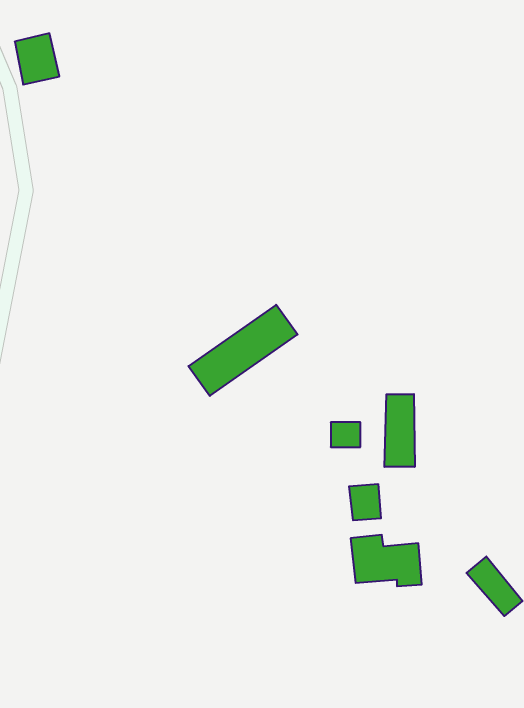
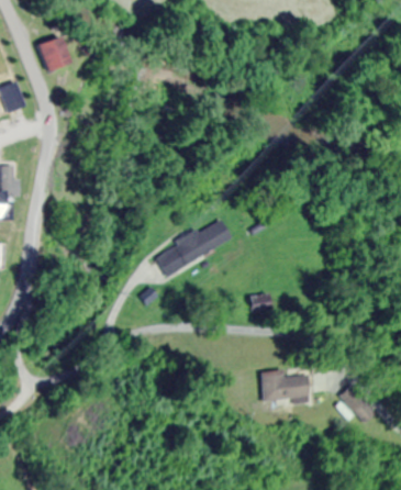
building: [384,394,415,467] -> none
building: [349,484,381,520] -> none

